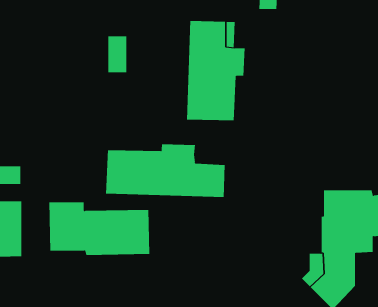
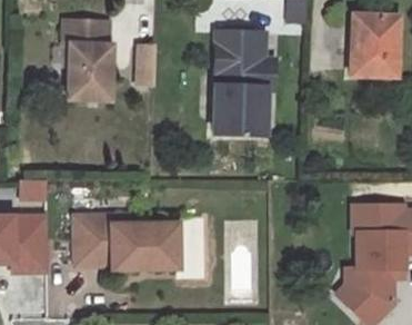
building: none -> [352,18,396,75]
building: none -> [66,19,112,99]
building: [106,144,225,198] -> none

